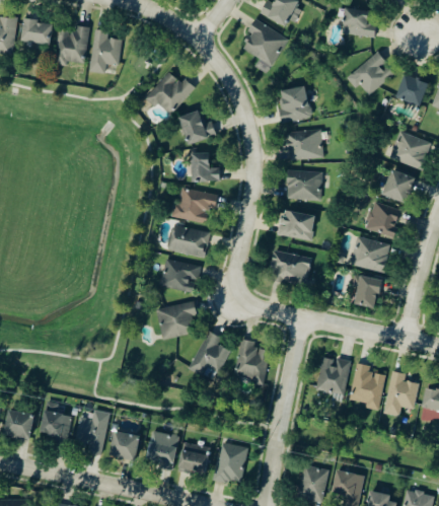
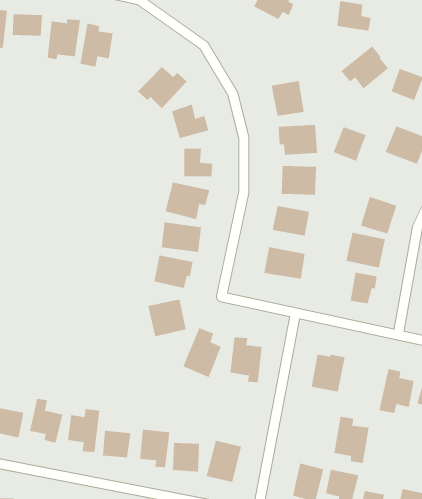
building: [242,17,289,73] -> none
building: [381,169,415,204] -> [333,127,367,162]
building: [350,363,385,410] -> [334,416,370,463]

